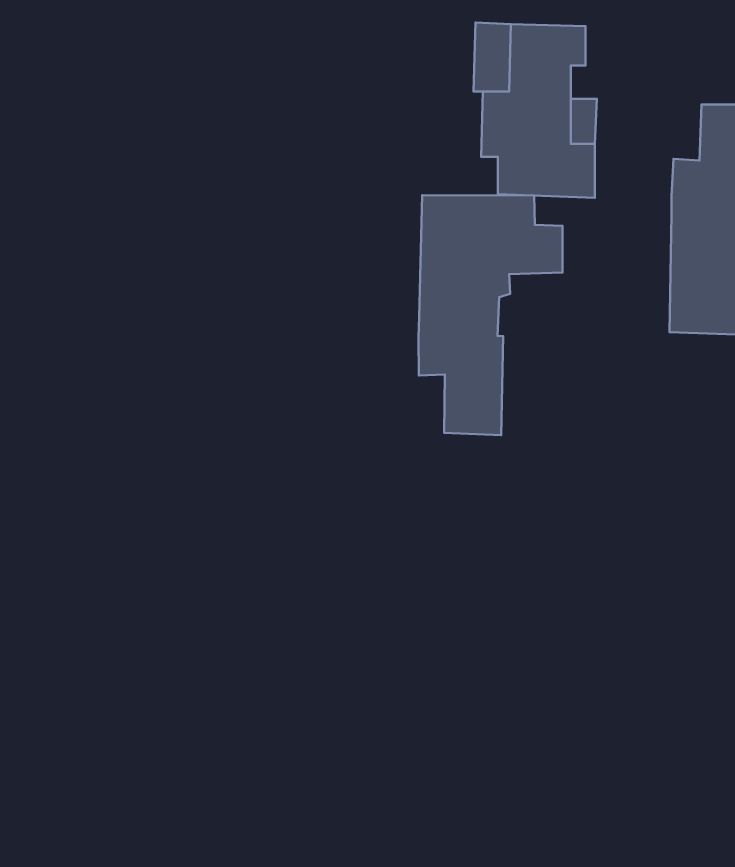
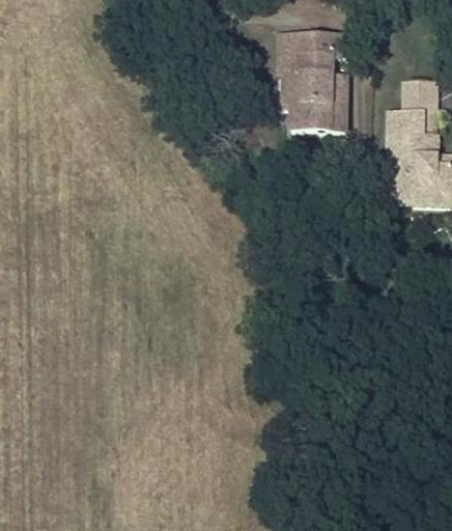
building: [419,195,563,435] -> none

